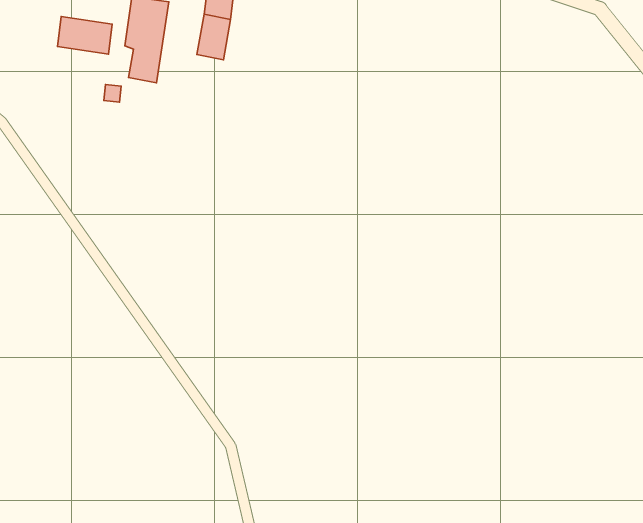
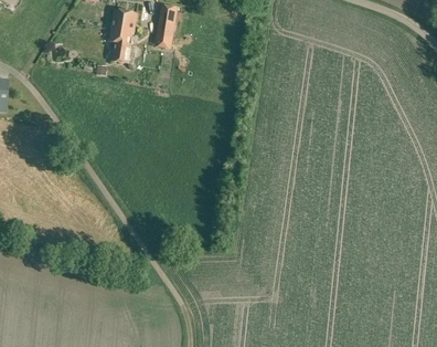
building: [57,16,112,54] -> none

